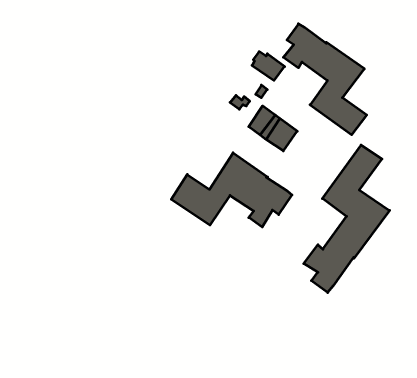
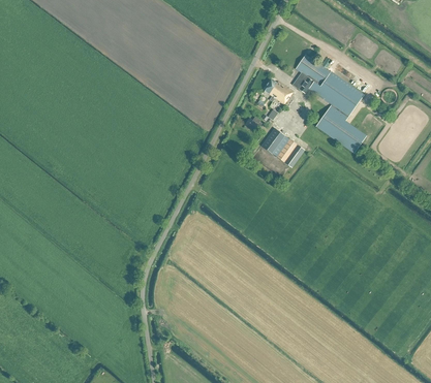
building: [304,145,390,293] -> none
building: [171,153,292,227] -> none

